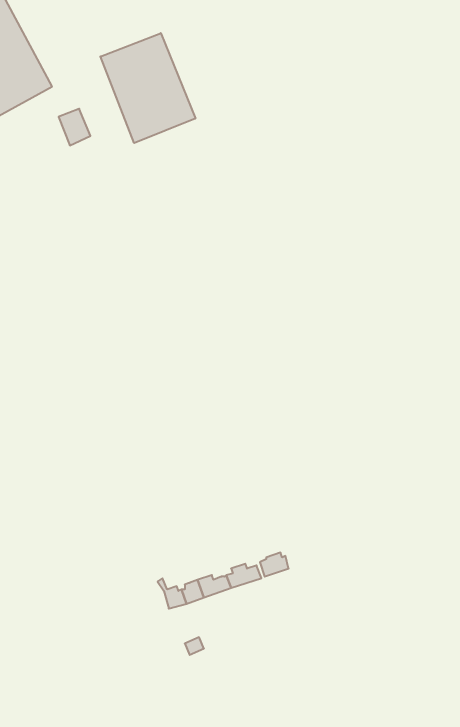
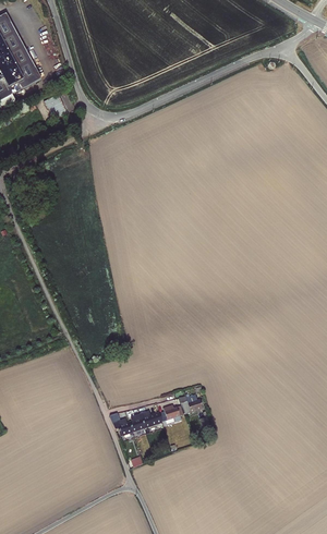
building: [100,33,195,143] -> none

